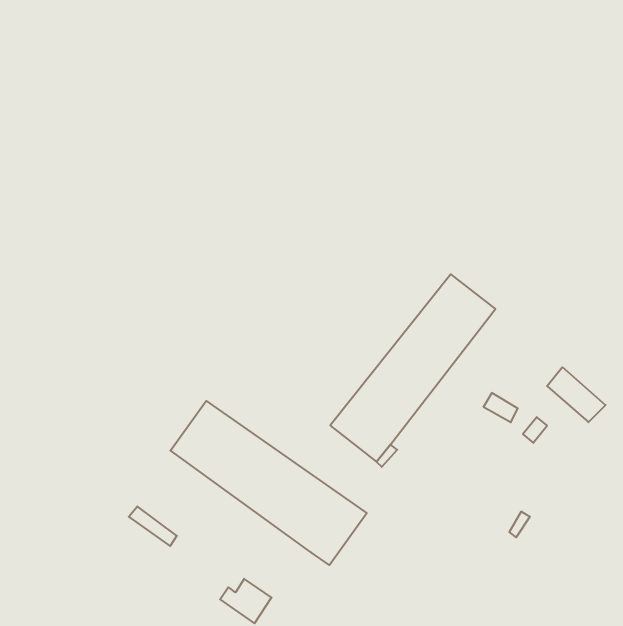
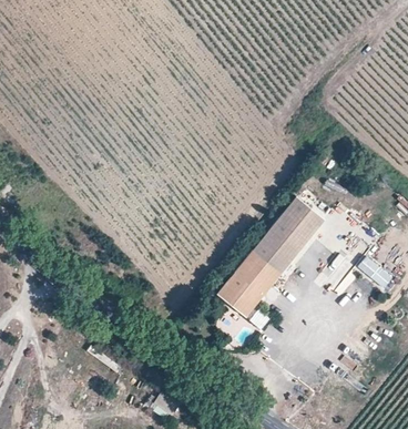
building: [170,401,367,565] -> none

